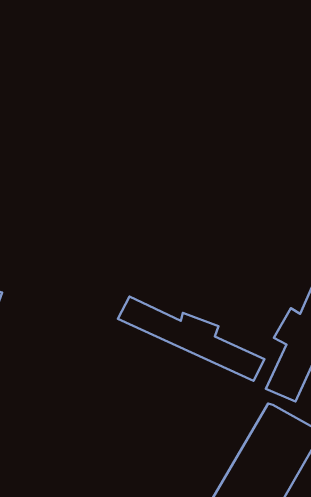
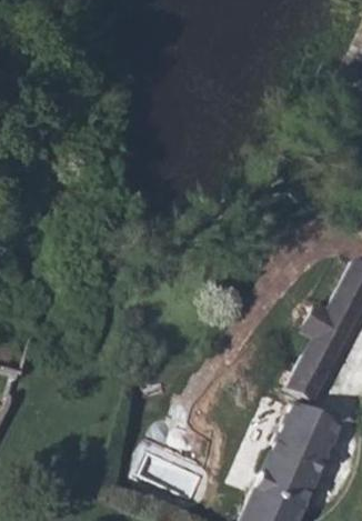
building: [118,297,264,381] -> none

